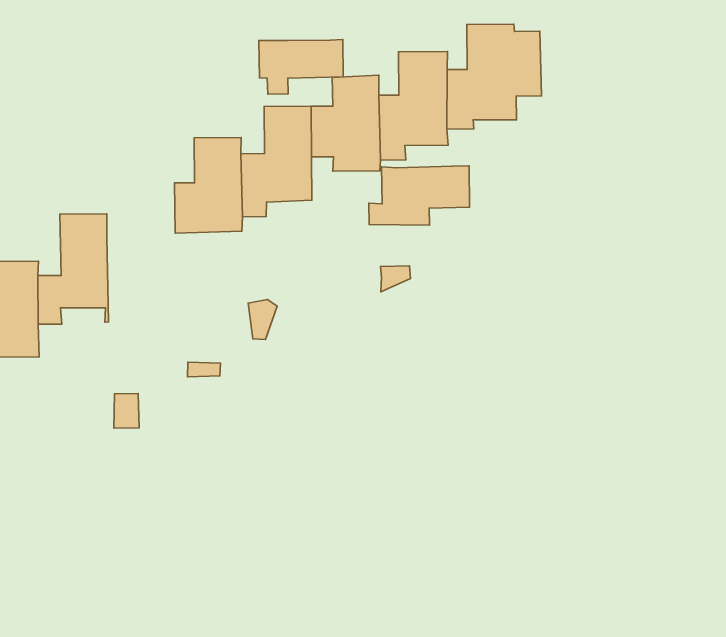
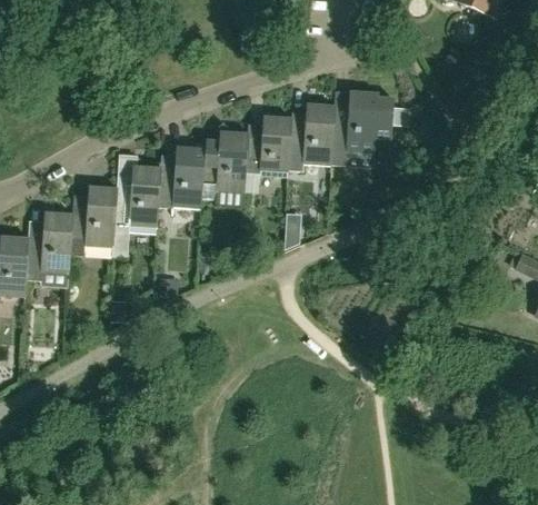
building: [259,39,343,94] -> none
building: [369,166,469,225] -> none
building: none -> [112,166,160,256]

